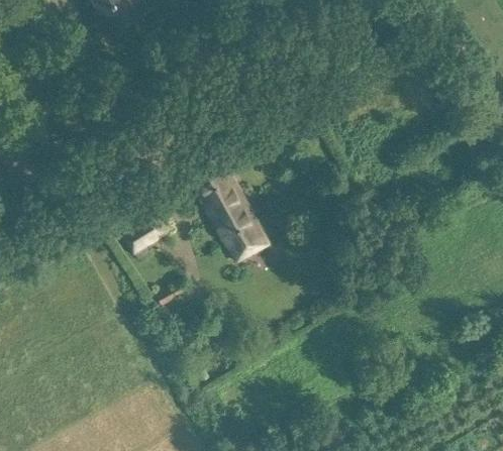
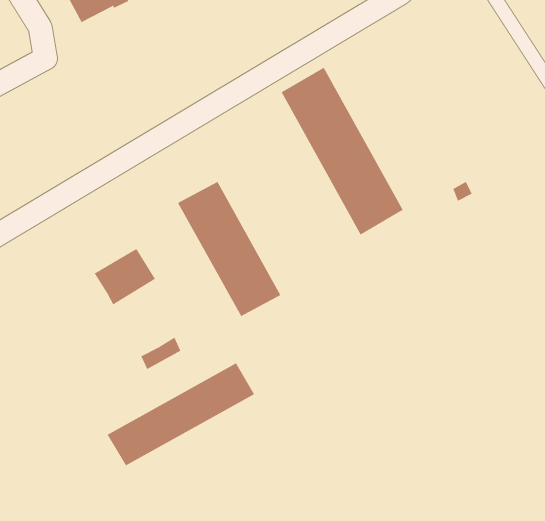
building: none -> [281,67,404,235]
building: none -> [107,363,255,466]

